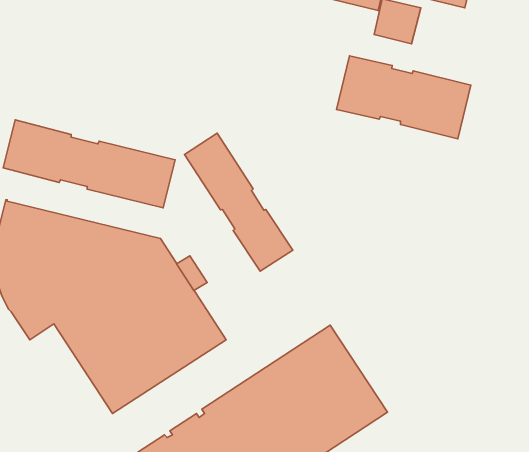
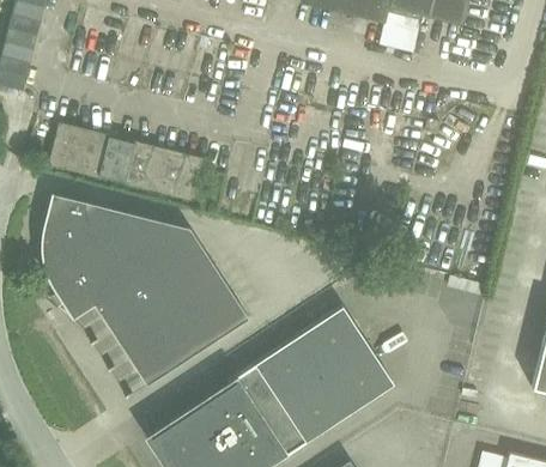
building: [337,56,471,139] -> none
building: [185,133,293,271] -> none

